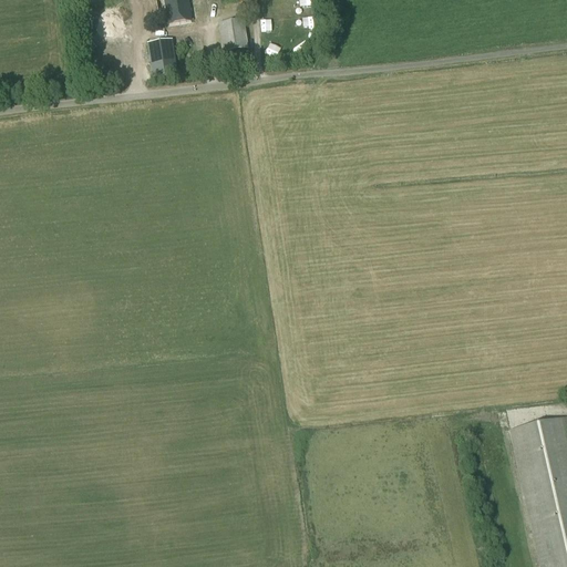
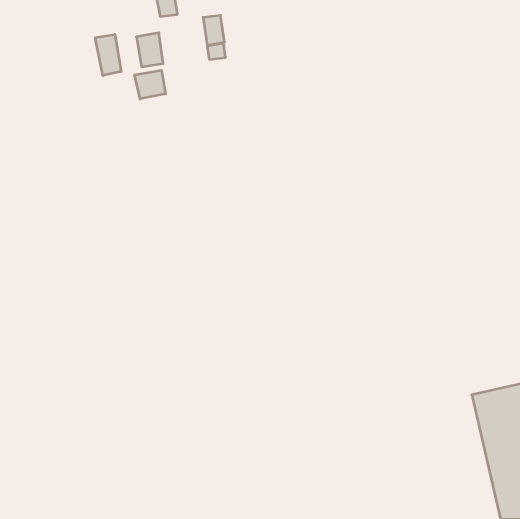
building: none -> [95,34,121,76]
building: none -> [135,70,166,99]

